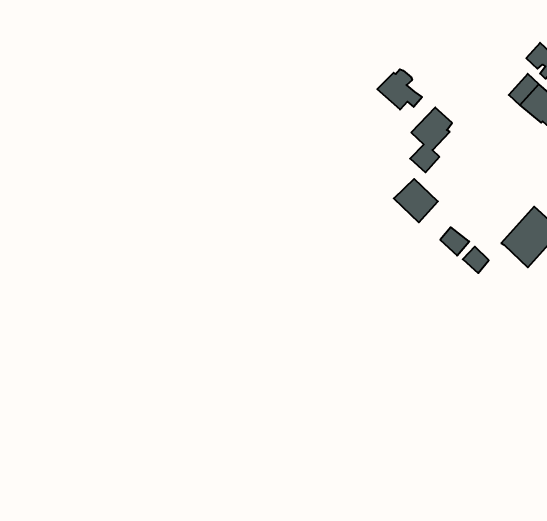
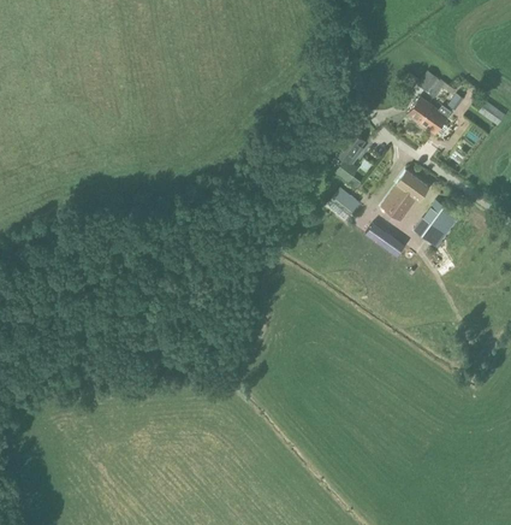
building: [377,69,422,110] -> none
building: none -> [381,170,428,220]

